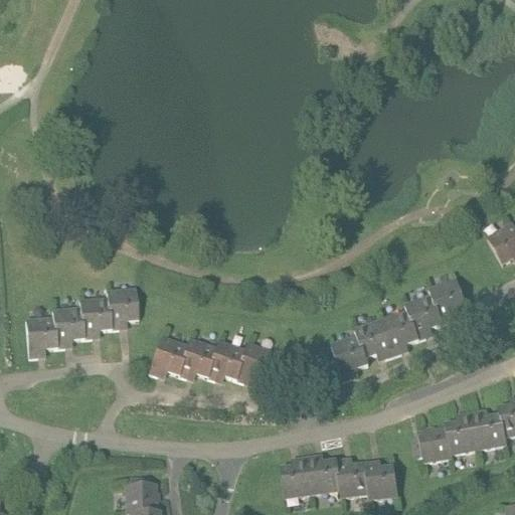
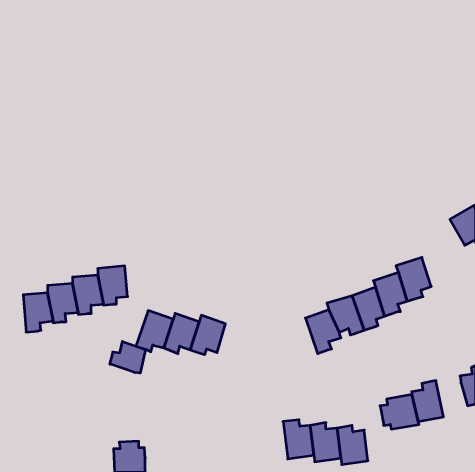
building: [235,342,275,385] -> none
building: none -> [110,341,146,373]
building: [472,408,507,450] -> none
building: [281,455,312,499] -> none

